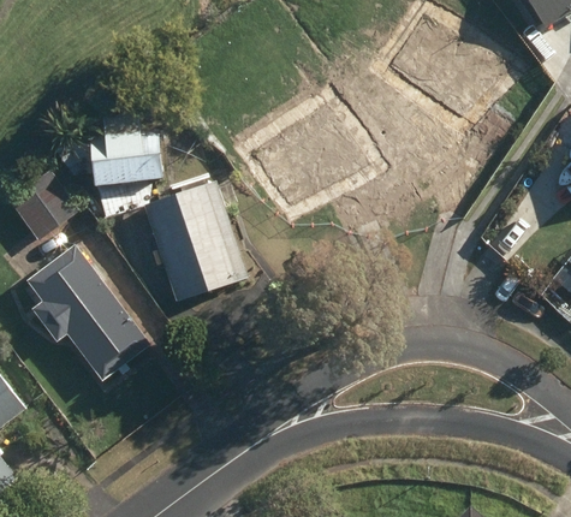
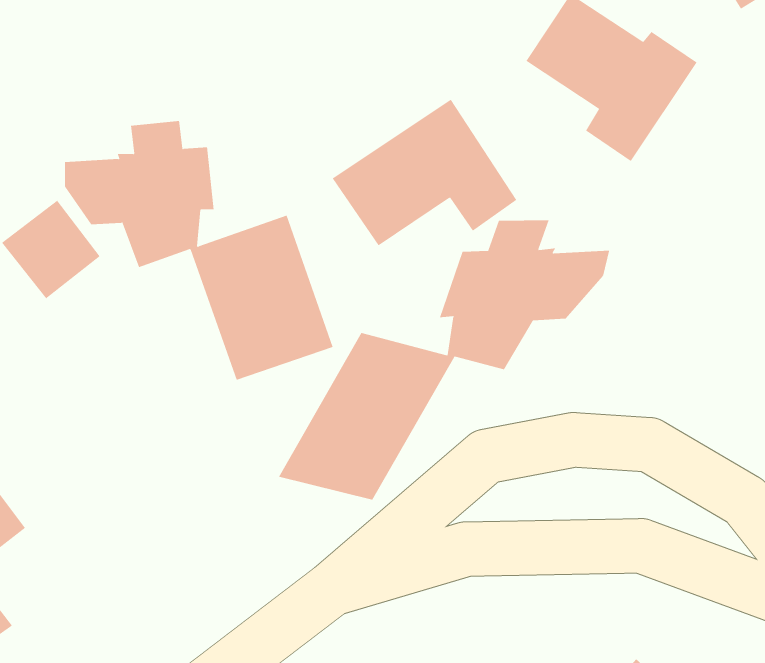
building: none -> [278,219,610,500]
building: [28,244,142,372] -> none

